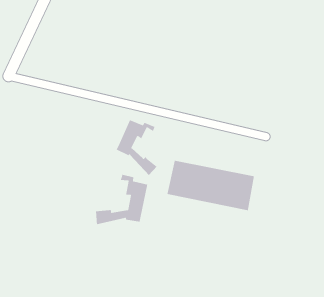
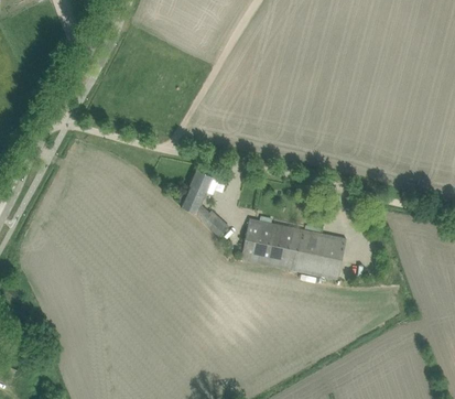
building: [95,174,148,225] -> none

